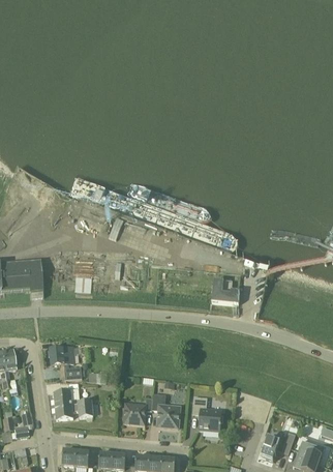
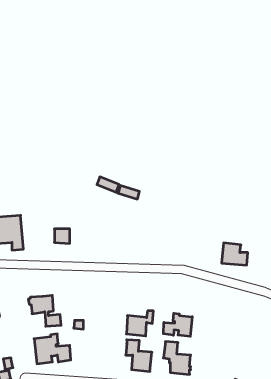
building: [211,278,239,302] -> [222,243,248,265]
building: none -> [163,313,192,336]
building: [123,396,152,423] -> [126,311,153,336]

